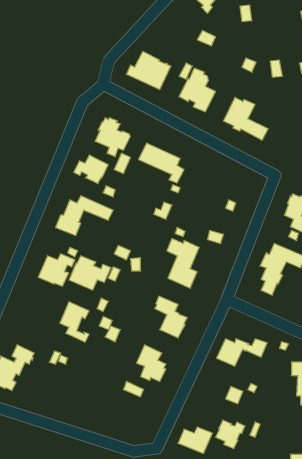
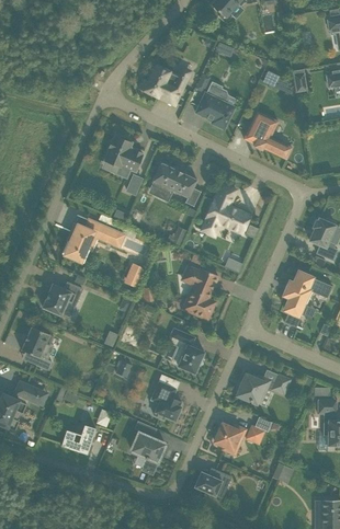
building: [74,155,108,184] -> none
building: none -> [202,183,250,234]
building: [69,256,111,290] -> none
building: [60,302,89,342] -> [21,325,53,369]
building: none -> [60,424,95,453]
building: none -> [131,432,165,473]
building: [216,420,245,448] -> [214,422,246,452]

